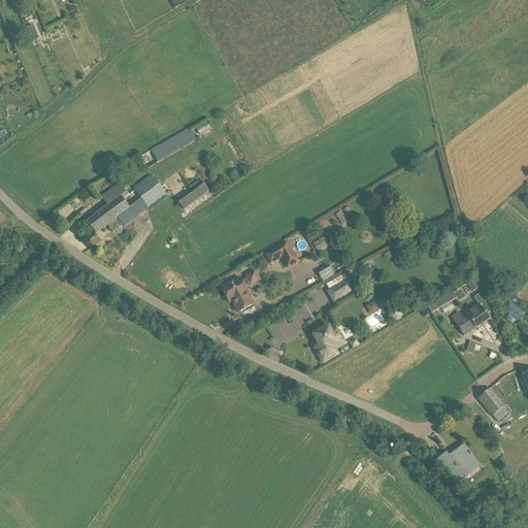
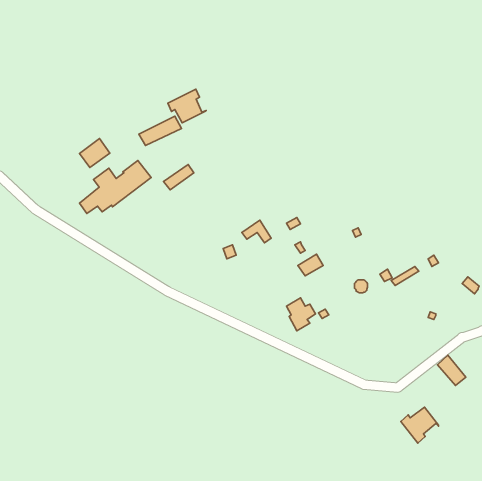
building: none -> [168,89,206,123]
building: none -> [79,138,110,167]
building: [222,277,252,311] -> none
building: [451,295,489,333] -> none

